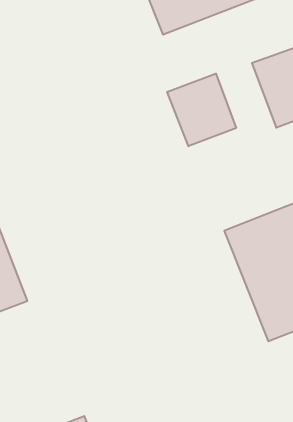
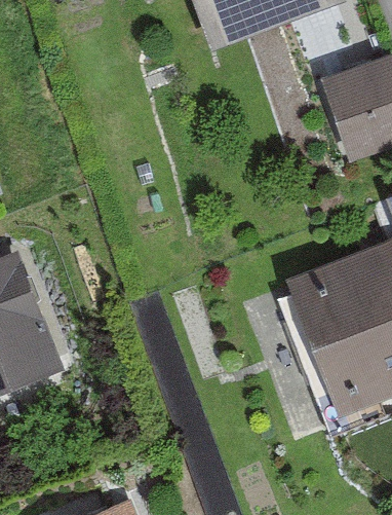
building: [167,74,236,146] -> none

